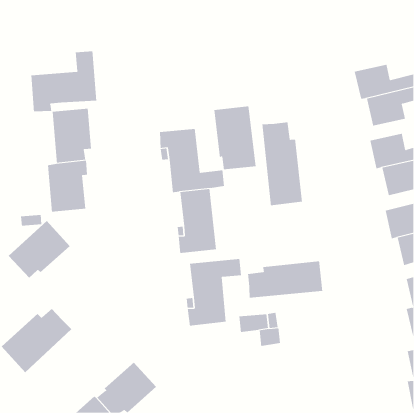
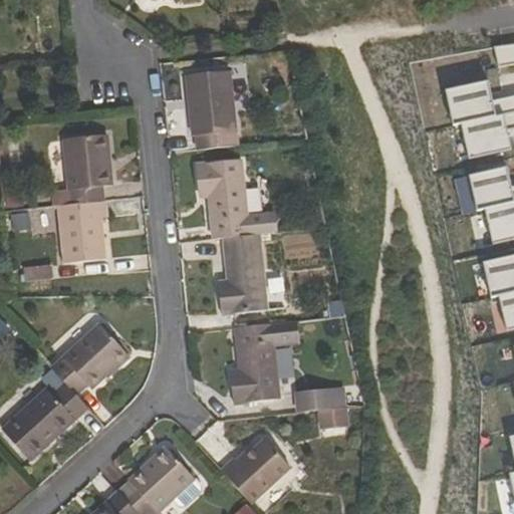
building: [31,50,97,112] -> none
building: [213,106,257,170] -> [186,69,239,149]
building: [262,122,303,206] -> none
building: [8,220,70,279] -> [51,322,128,395]
building: [247,261,323,298] -> none
building: none -> [221,437,290,502]

